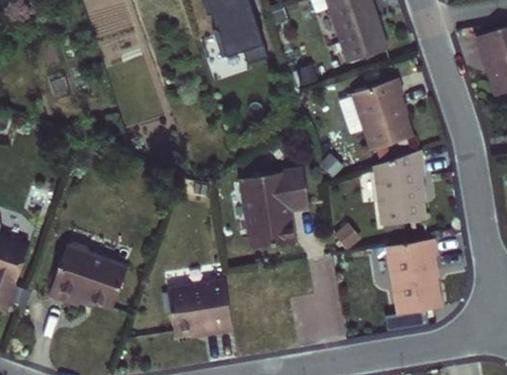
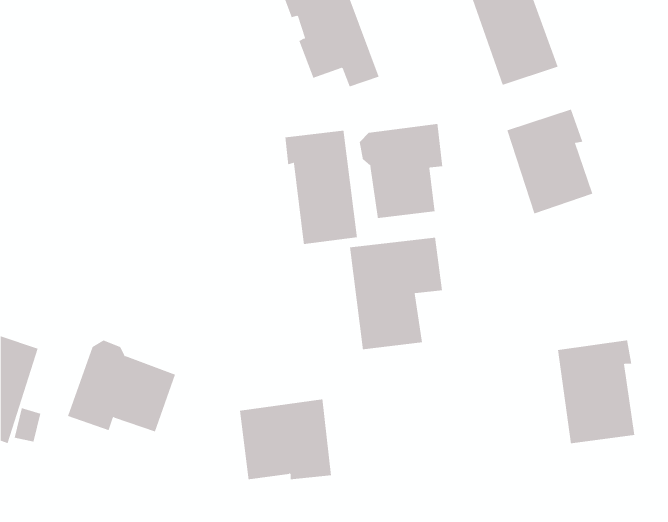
building: none -> [359,123,443,219]
building: none -> [285,130,358,245]
building: [371,152,434,233] -> none

